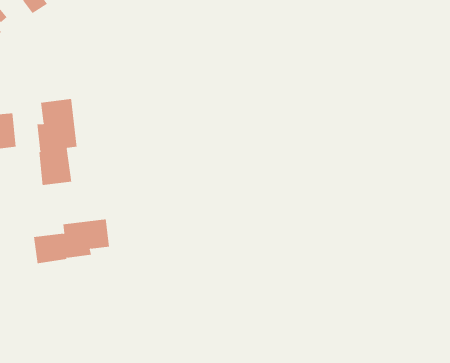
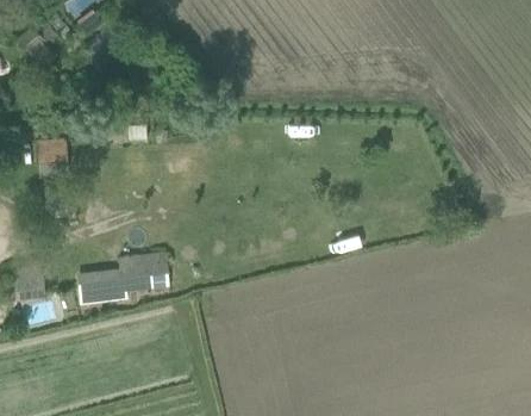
building: [37,98,77,186] -> none

